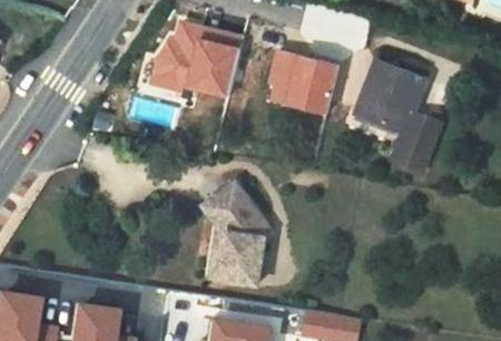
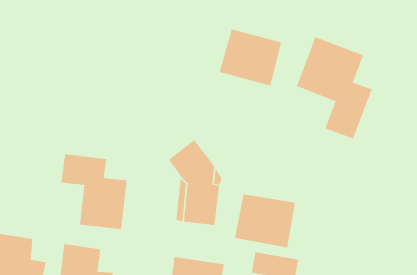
building: [151,20,243,97] -> none
building: none -> [61,154,127,230]
building: none -> [234,194,295,248]

